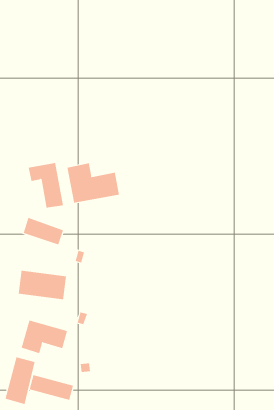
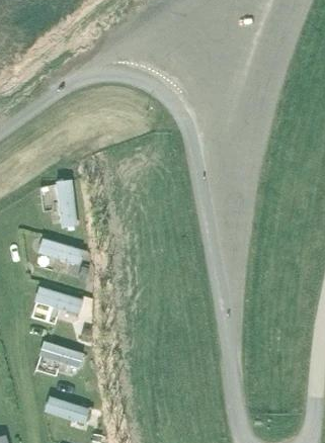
building: [67,162,119,204] -> none
building: [5,356,35,405] -> none

